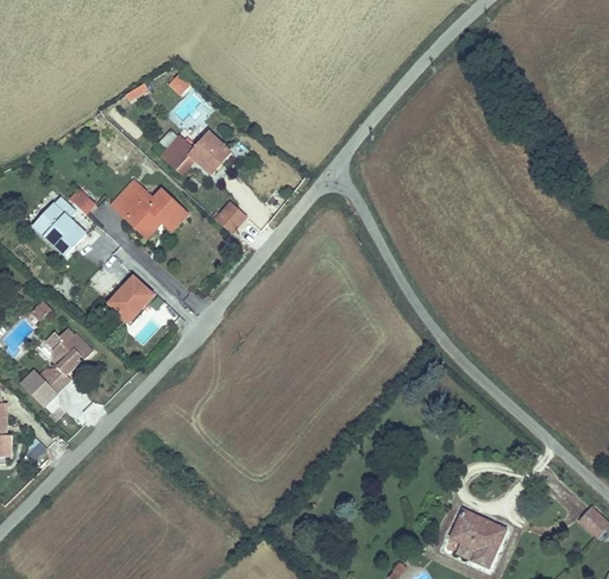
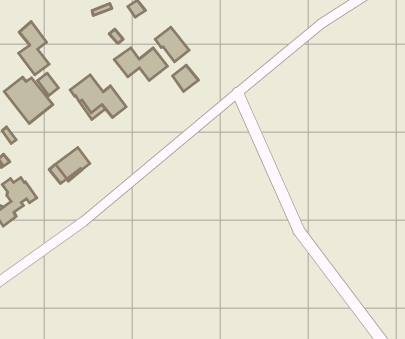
building: none -> [155,27,189,62]
building: none -> [18,22,49,75]
building: [213,201,247,235] -> [172,65,198,92]

